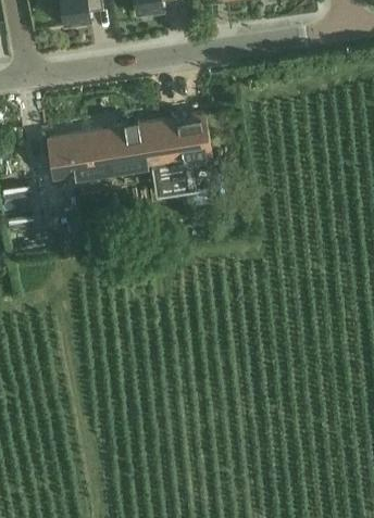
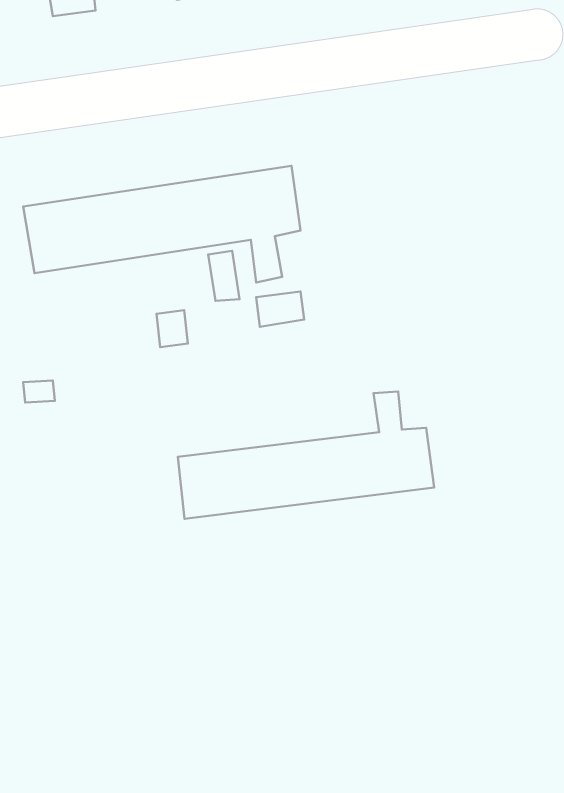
building: none -> [178,391,434,519]

